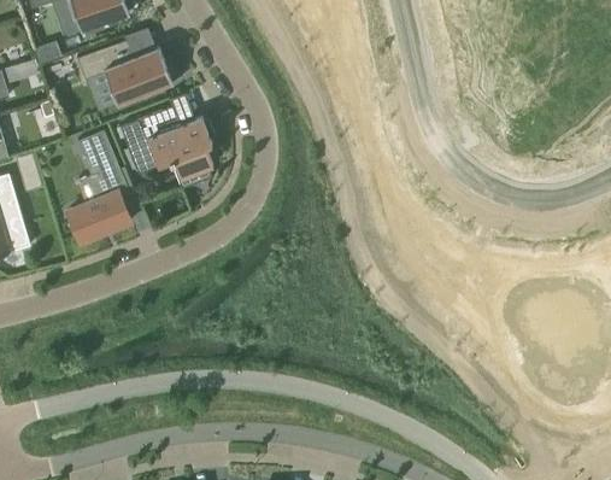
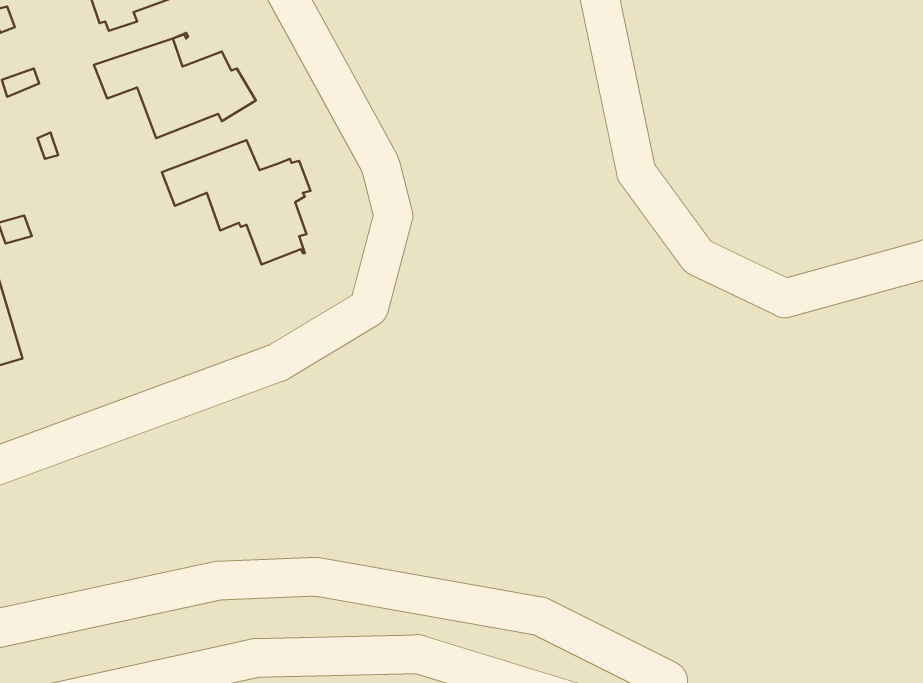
building: [66,131,131,244] -> none

